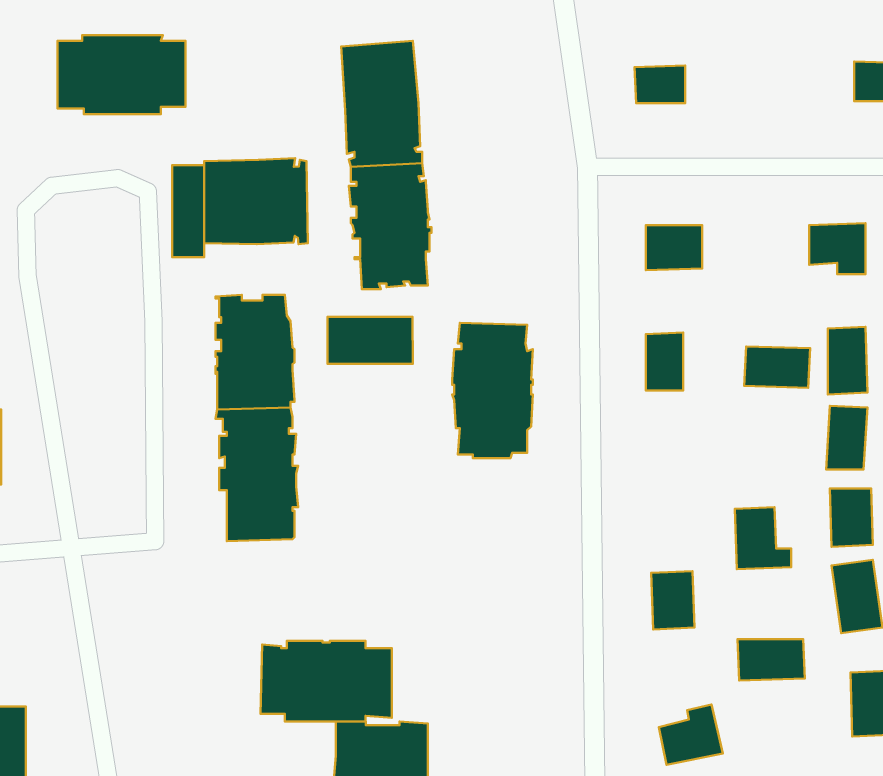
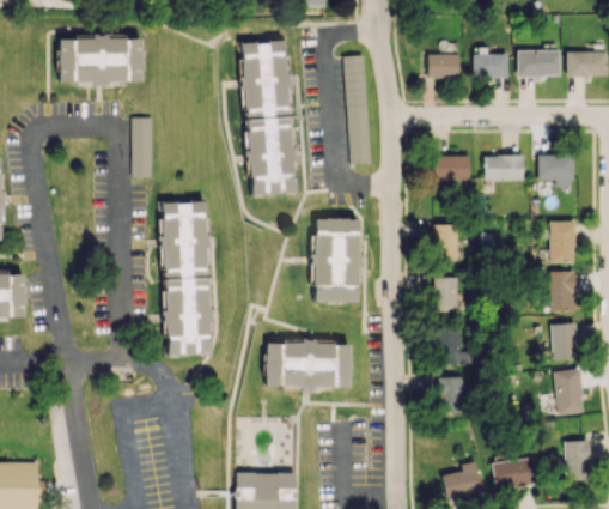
building: none -> [518,50,561,77]
building: none -> [473,54,508,78]
building: none -> [345,55,372,164]
building: [204,158,308,244] -> none
building: [328,317,413,364] -> none
building: [744,346,810,388] -> [483,154,525,181]
building: none -> [436,277,458,311]
building: [735,507,791,569] -> [436,326,471,365]
building: [737,639,805,680] -> [493,460,536,486]
building: [260,641,392,722] -> [267,339,351,390]

